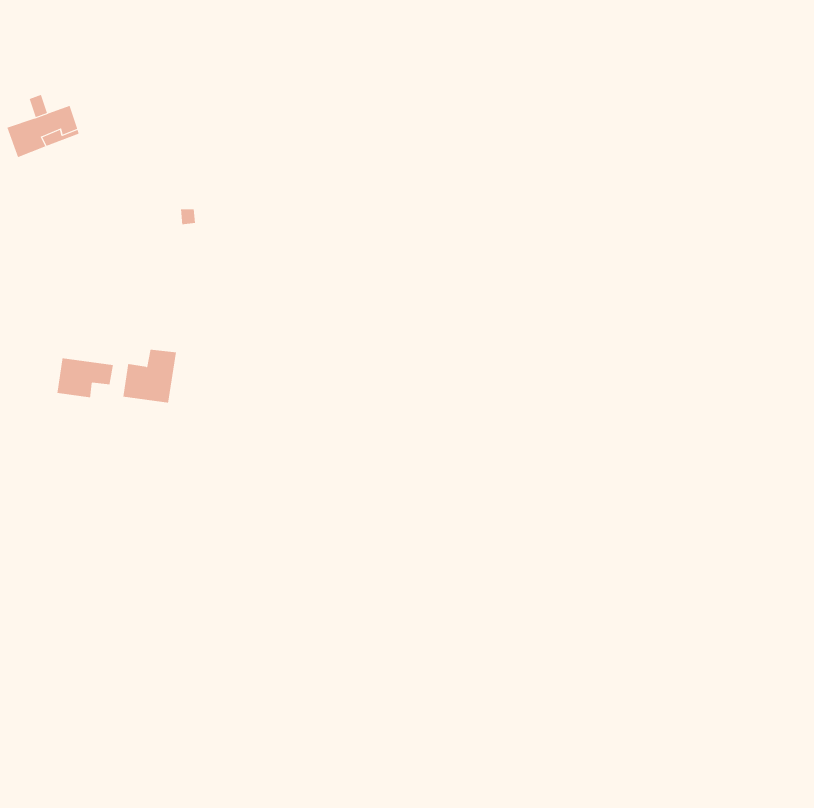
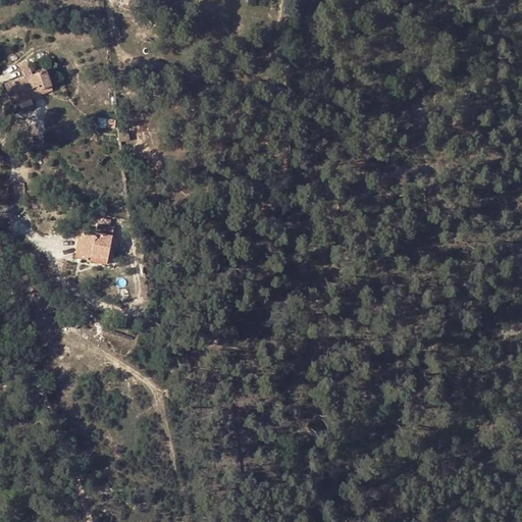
building: [57,358,114,398] -> none

